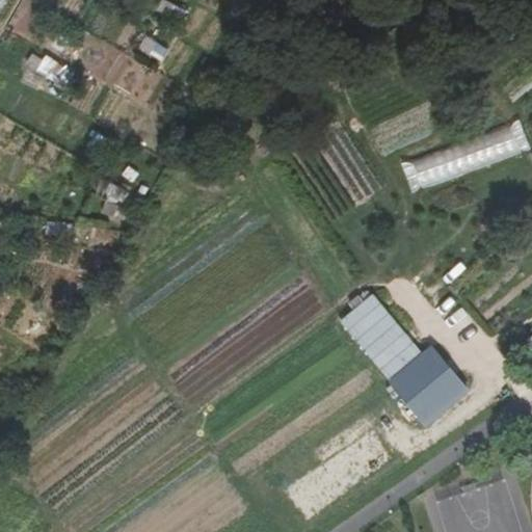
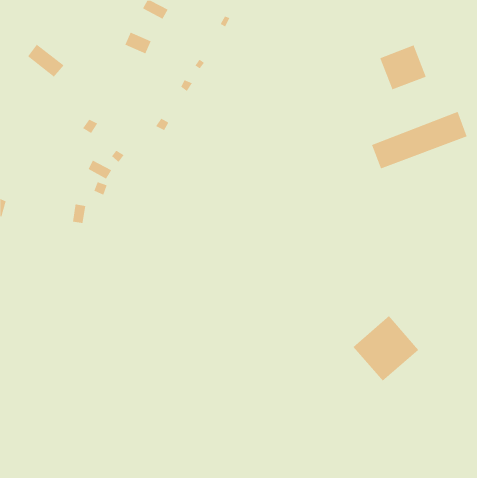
building: none -> [380,45,427,90]
building: [342,296,421,379] -> none

